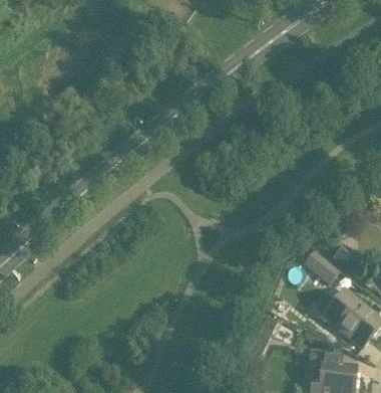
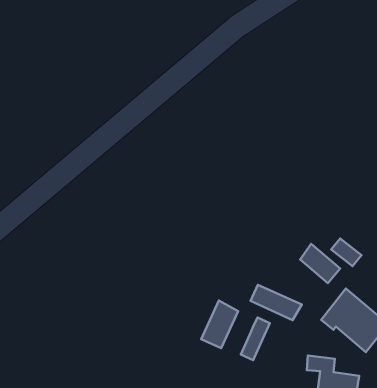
building: none -> [250,285,302,320]
building: none -> [201,300,238,348]

